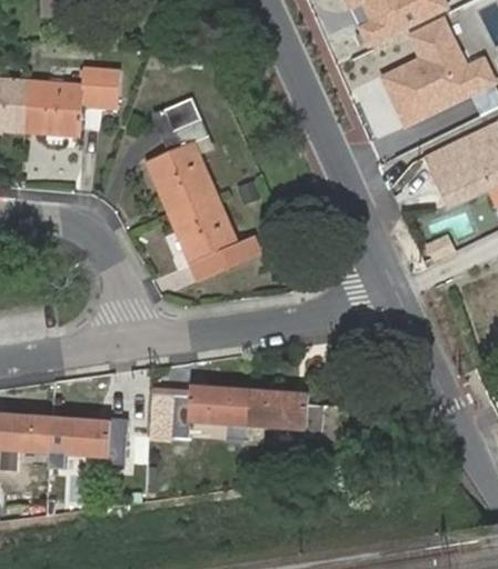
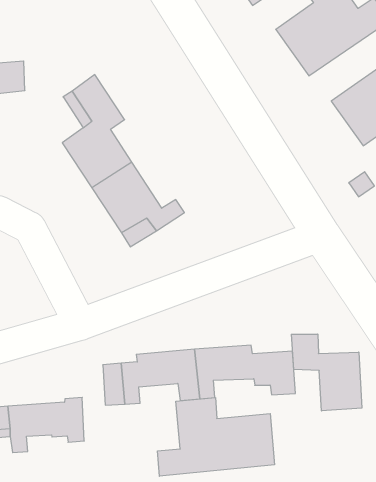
building: none -> [291,334,362,411]
building: none -> [158,398,274,476]

